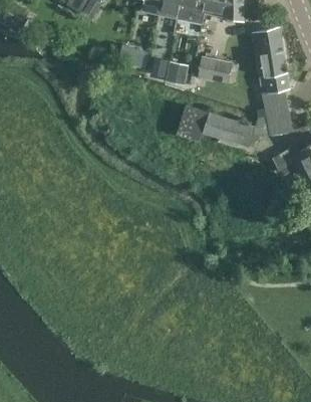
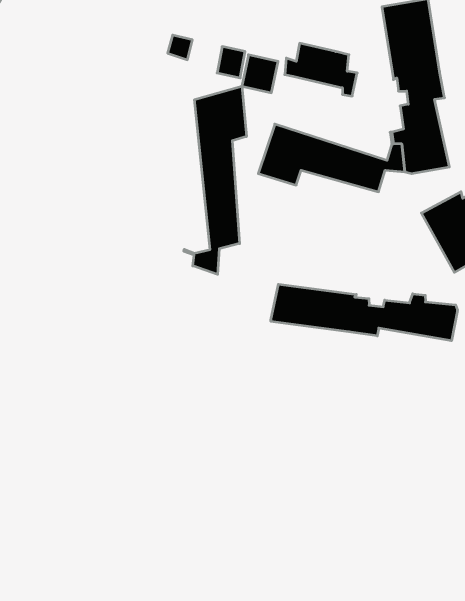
building: none -> [184,86,246,274]
building: none -> [271,284,457,341]

